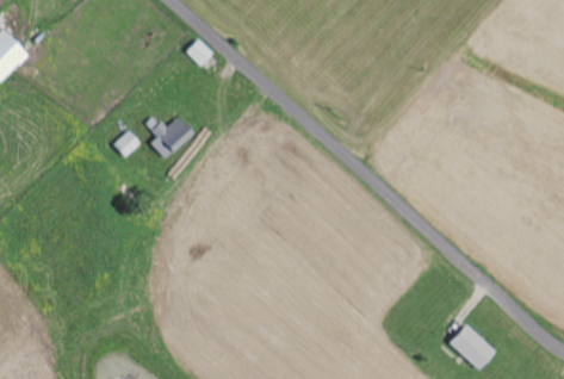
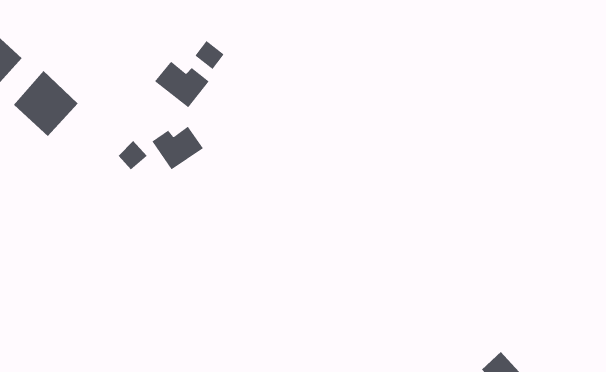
building: none -> [154,61,210,108]
building: none -> [13,70,78,137]

